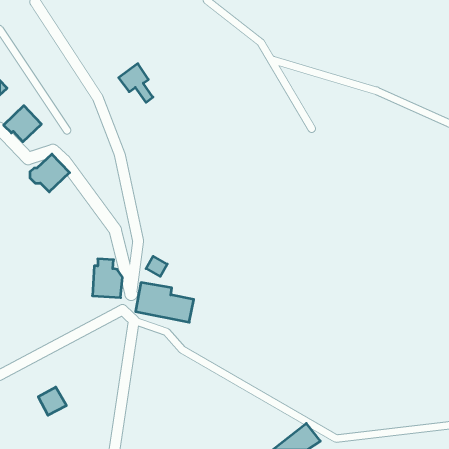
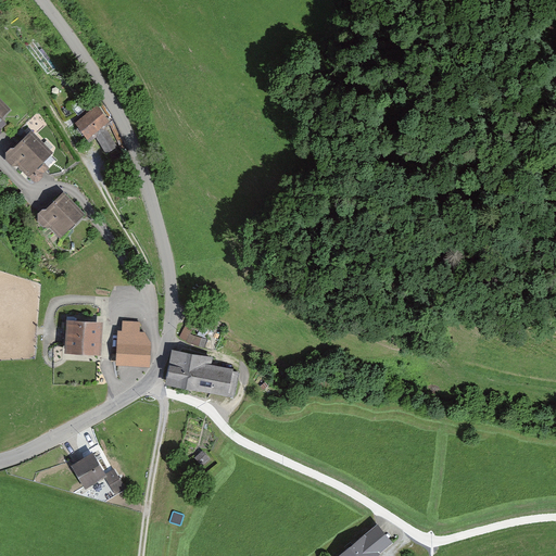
building: [119,64,153,102] -> [73,105,115,153]
building: none -> [64,320,102,355]
building: [38,387,66,415] -> [72,455,106,490]

